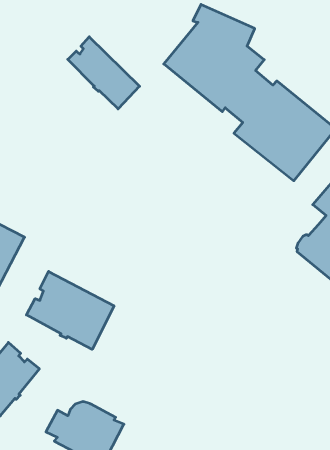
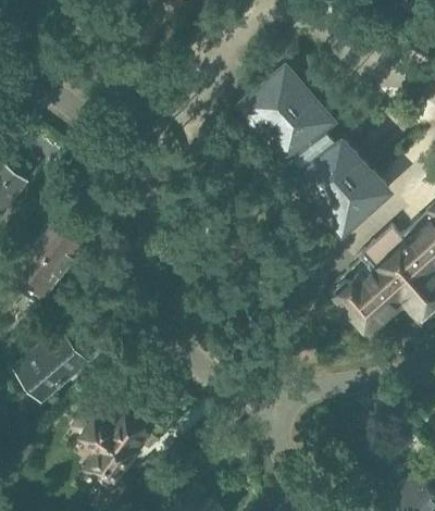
building: [68,37,140,109] -> none
building: [26,271,114,349] -> none

